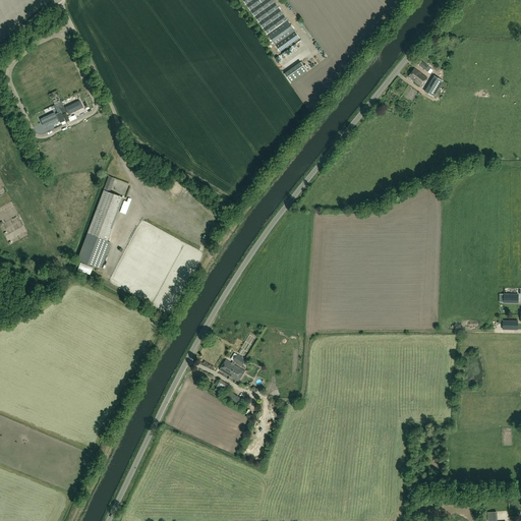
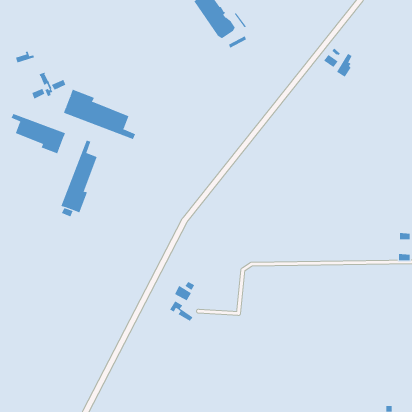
building: none -> [63,89,136,140]
building: none -> [11,113,66,154]

